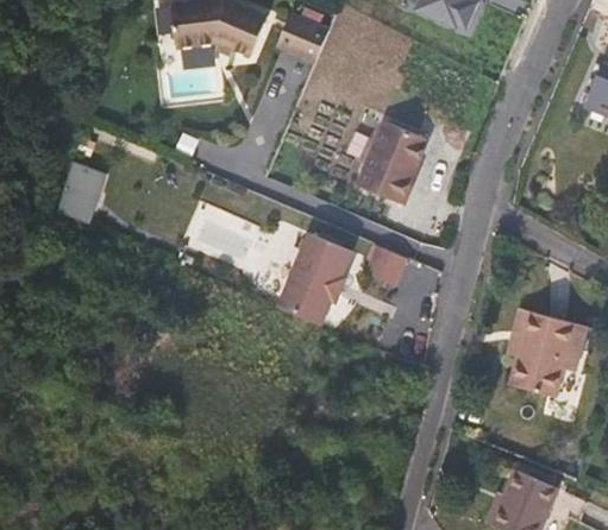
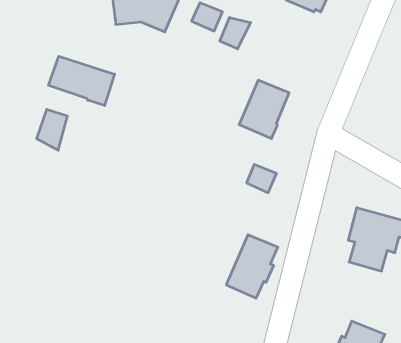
building: none -> [220,17,251,49]
building: none -> [48,56,115,106]
building: [276,229,350,320] -> [226,235,278,298]

